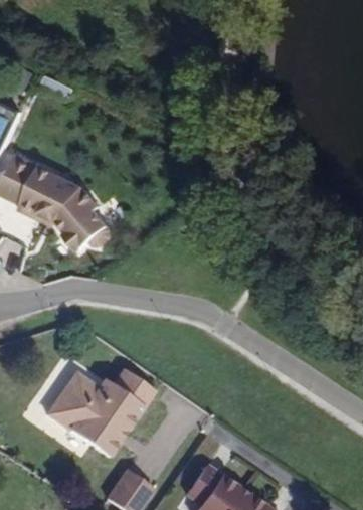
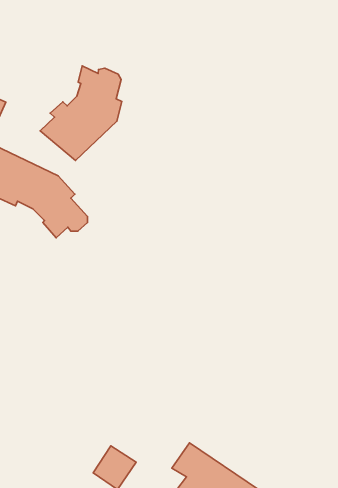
building: none -> [40,66,122,160]
building: [50,369,157,454] -> none

